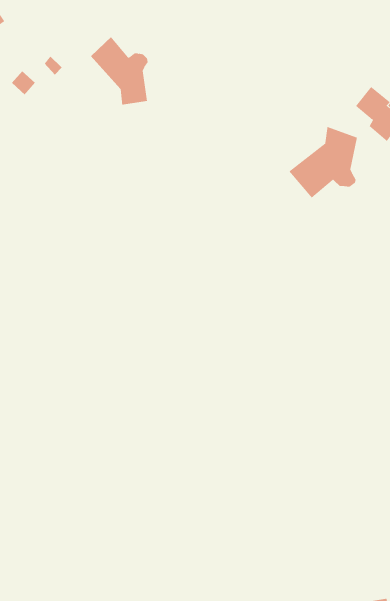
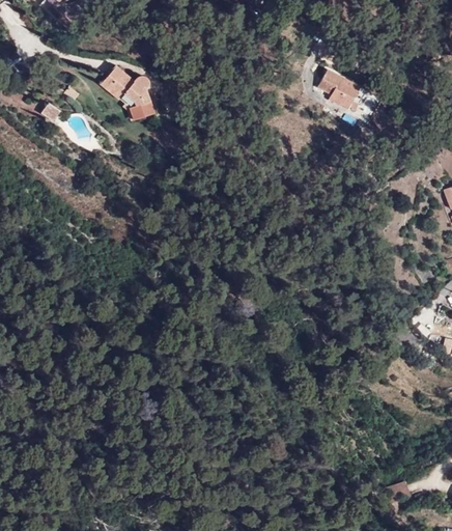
building: [289,126,358,199] -> none

